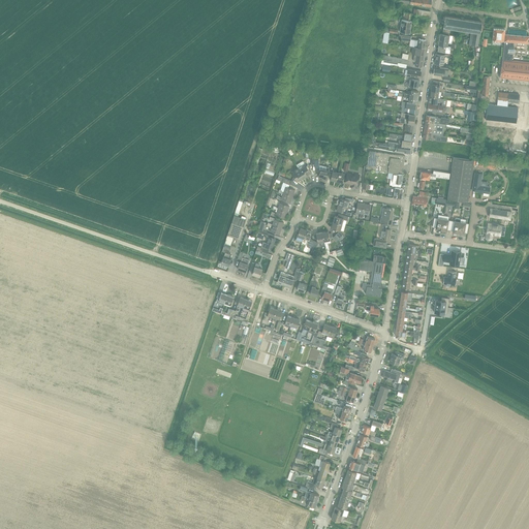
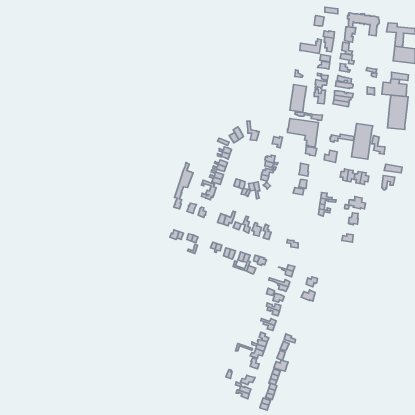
building: none -> [290,85,306,112]
building: none -> [388,95,408,129]
building: [359,255,386,297] -> none

